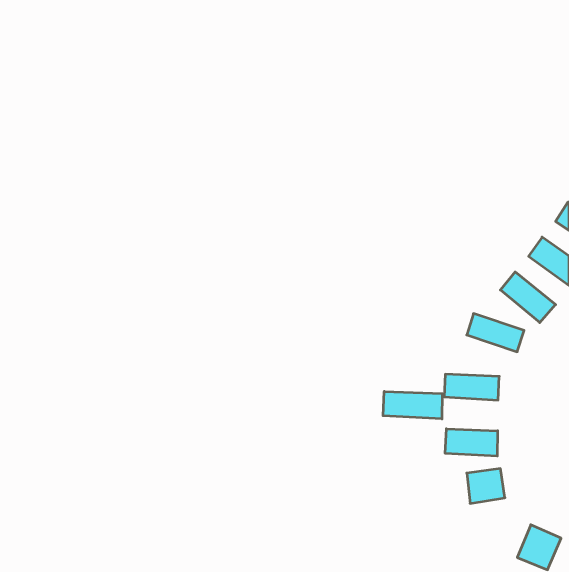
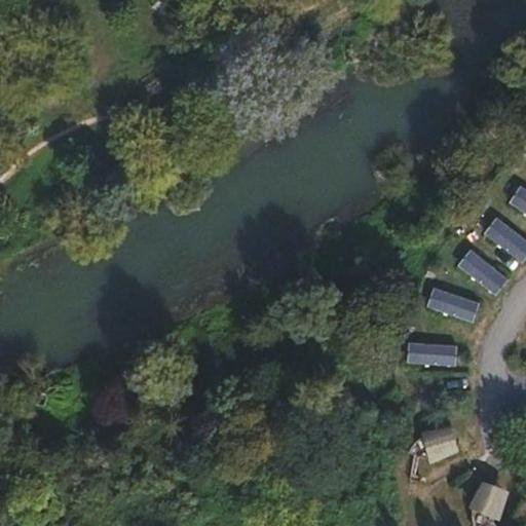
building: [383,391,442,419] -> none
building: [445,429,498,456] -> none

